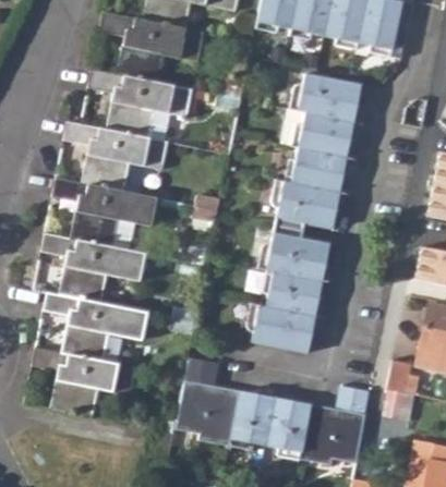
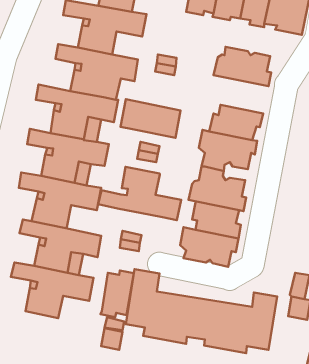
building: [282,109,359,158] -> [121,99,181,138]
building: none -> [98,167,181,220]
building: none -> [101,271,134,317]

